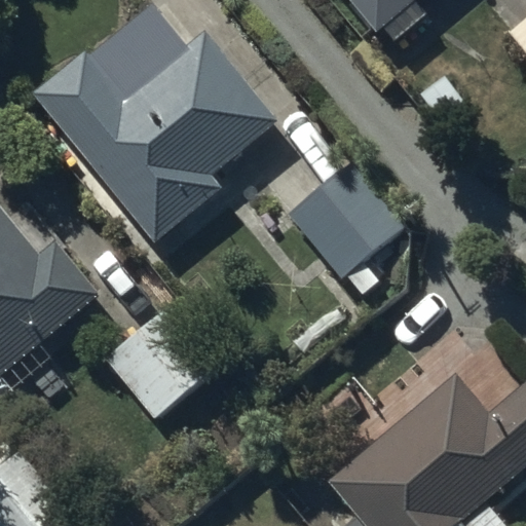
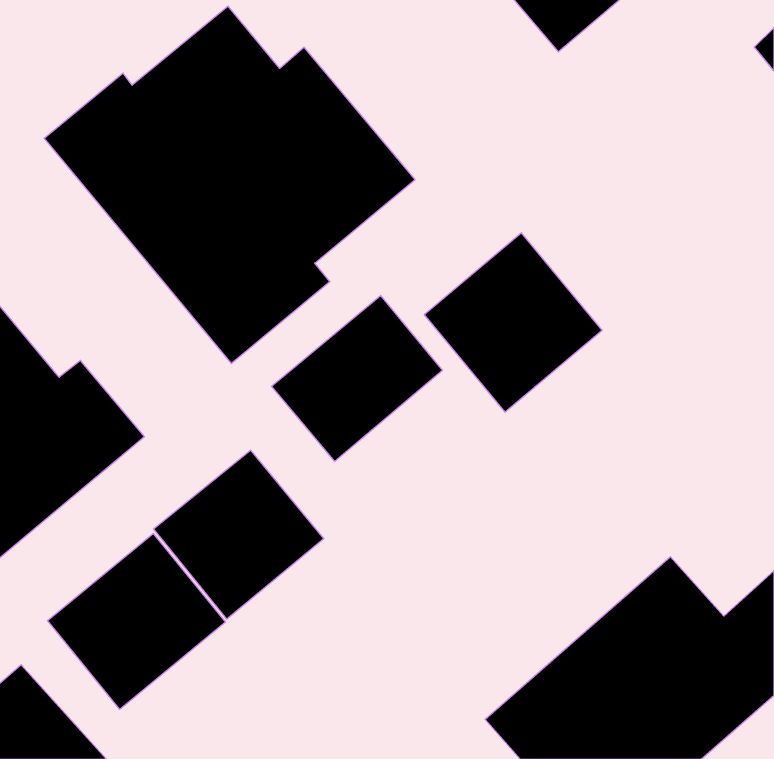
building: none -> [272,295,442,461]
building: none -> [48,533,225,709]

